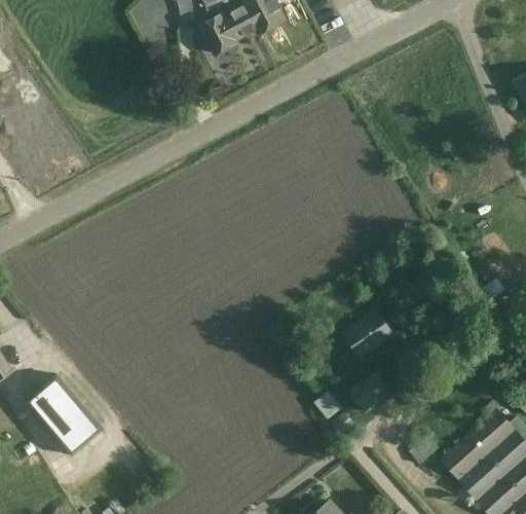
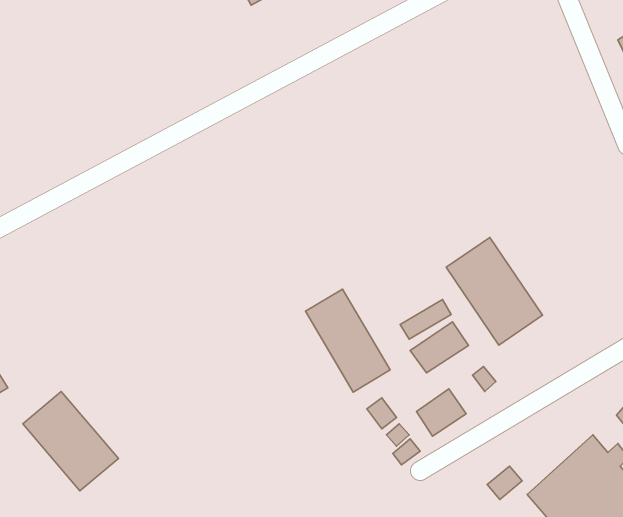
building: none -> [446,237,542,345]
building: none -> [306,289,390,392]

